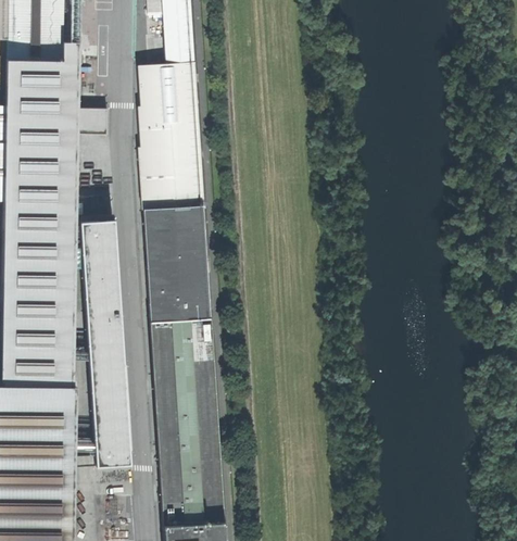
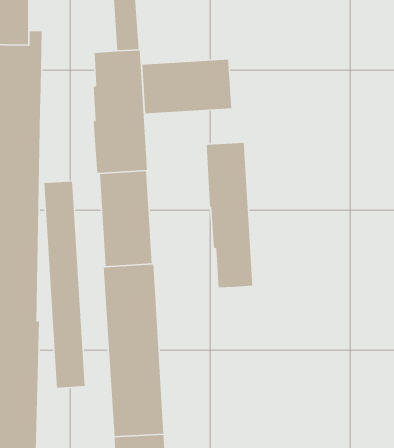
building: none -> [141,59,232,114]
building: [76,112,108,138] -> none
building: none -> [206,142,253,288]

